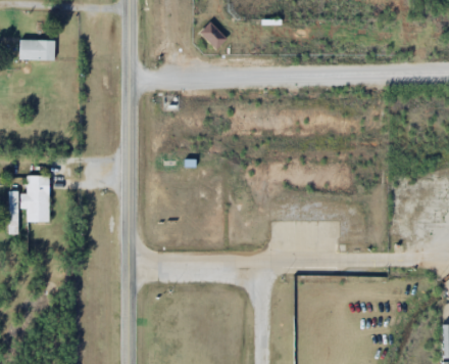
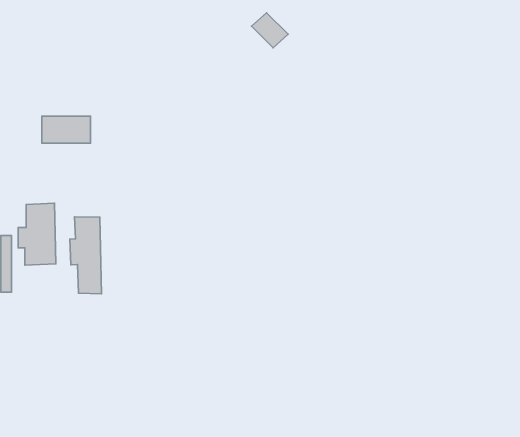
building: [20,39,57,59] -> [42,116,90,143]
building: none -> [70,217,102,294]

